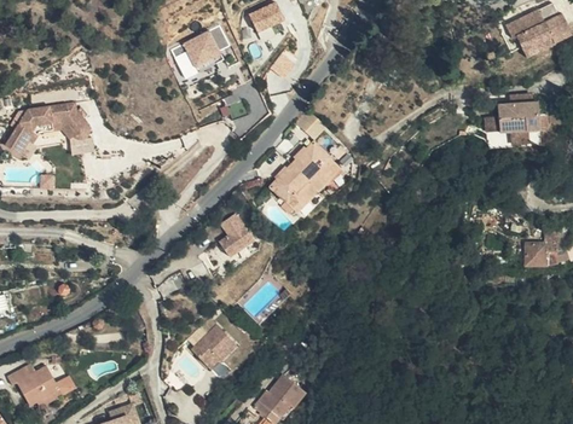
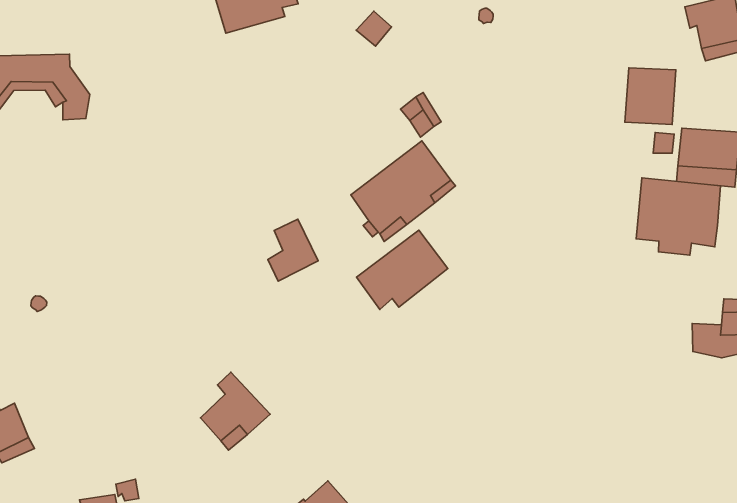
building: none -> [625,68,676,124]
building: none -> [636,178,721,255]
building: none -> [356,230,448,310]

